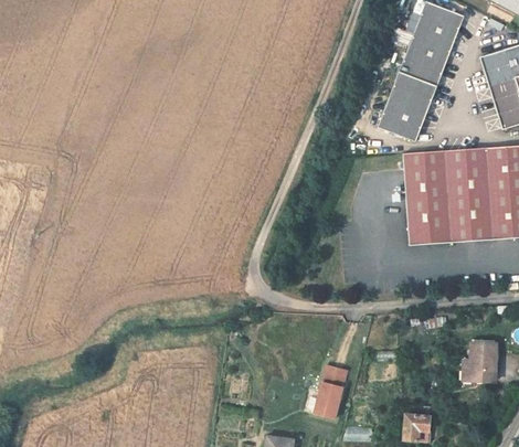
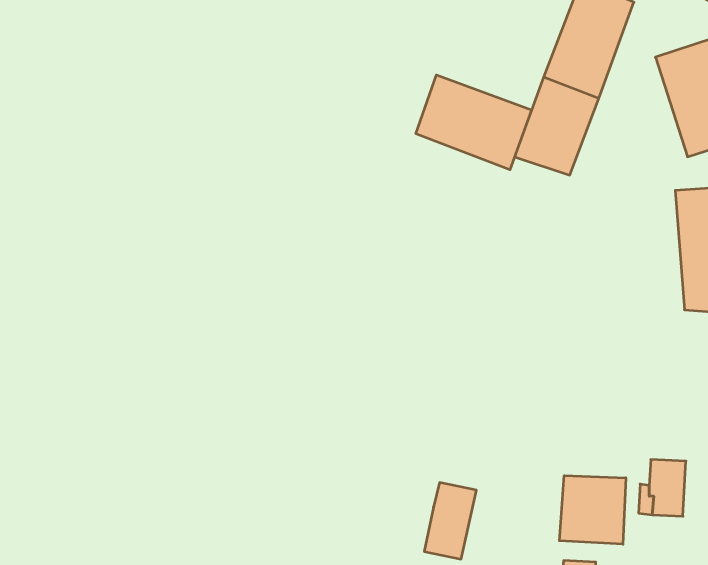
building: none -> [416,75,531,170]
building: [404,150,500,242] -> none
building: none -> [559,476,626,544]

